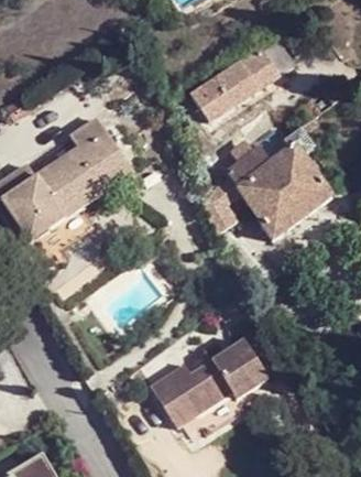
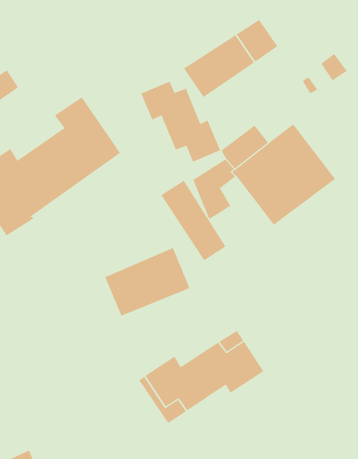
building: none -> [141,81,221,163]
building: none -> [161,180,226,261]
building: none -> [105,247,190,316]

